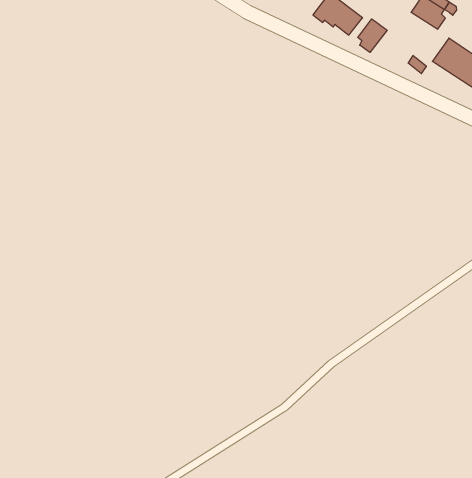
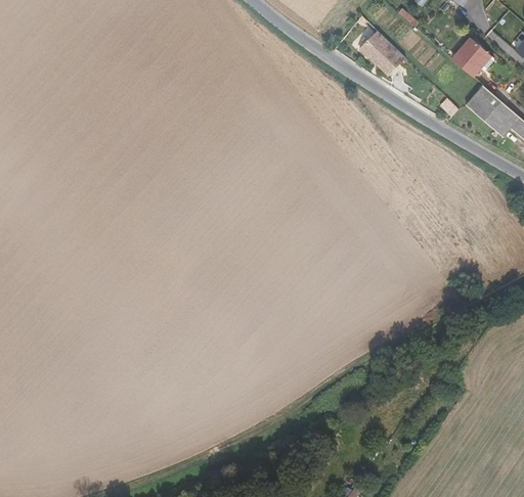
building: [358,19,387,52] -> none

